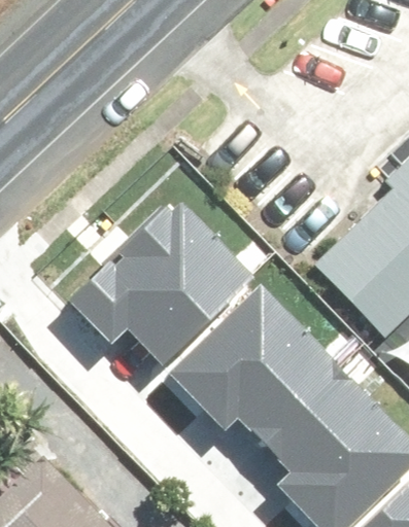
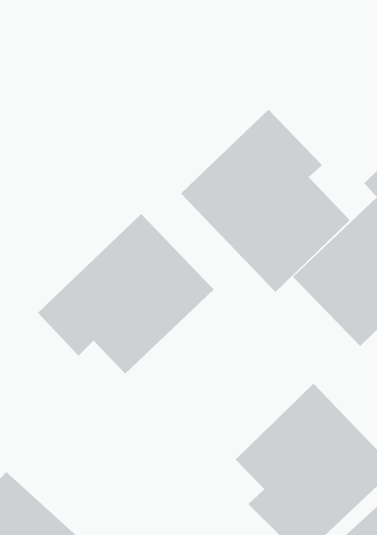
building: none -> [180,109,351,293]
building: [173,291,341,446] -> none

